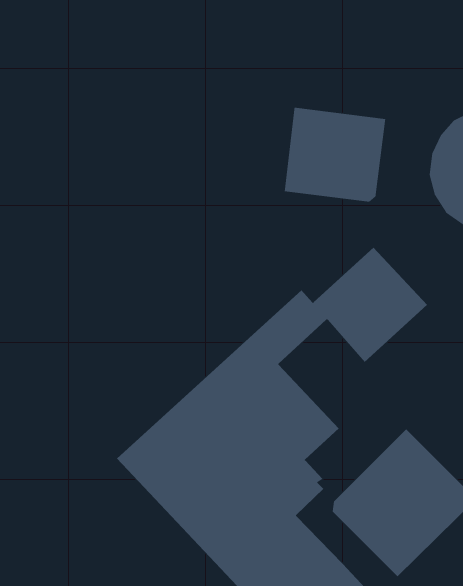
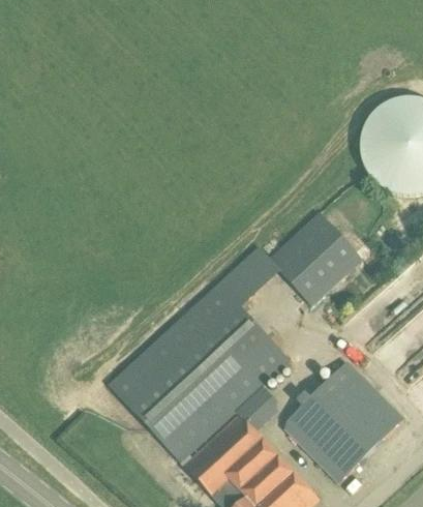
building: [284,107,386,203] -> none

